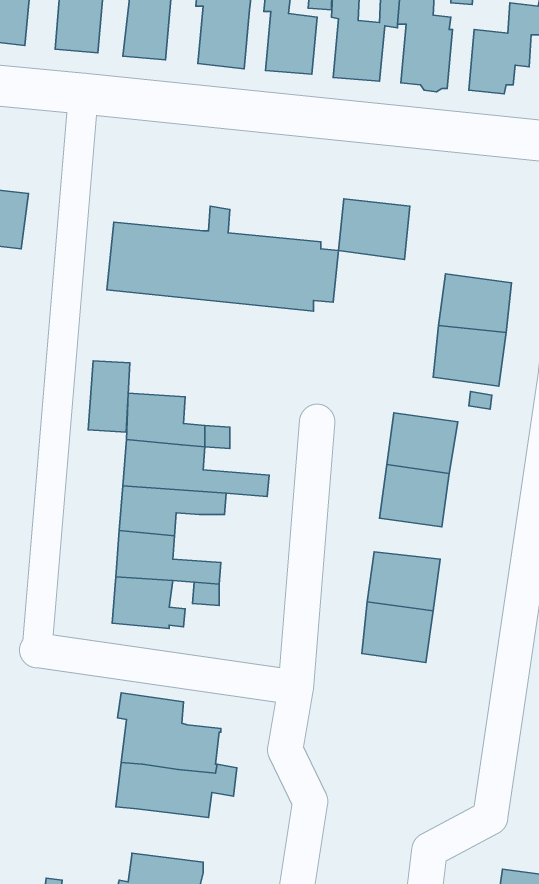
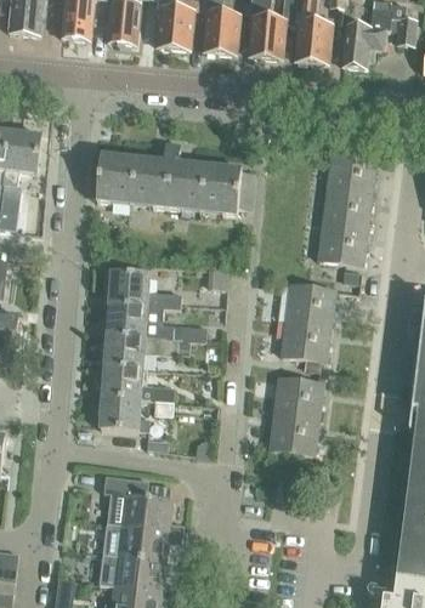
building: [339,199,410,260] -> [327,154,375,195]
building: [88,361,130,432] -> none
building: none -> [98,552,176,600]

